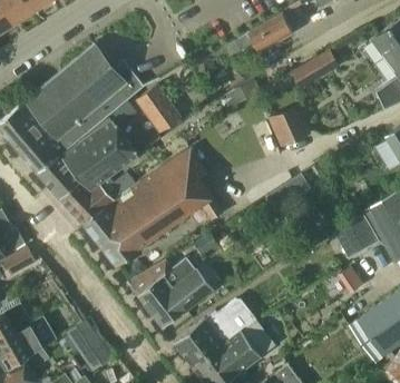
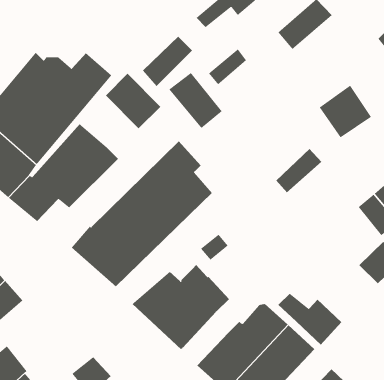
building: none -> [142,36,193,87]
building: none -> [169,72,222,129]
building: [266,105,310,148] -> [319,85,372,138]
building: [59,174,135,225] -> none
building: none -> [278,293,342,345]

